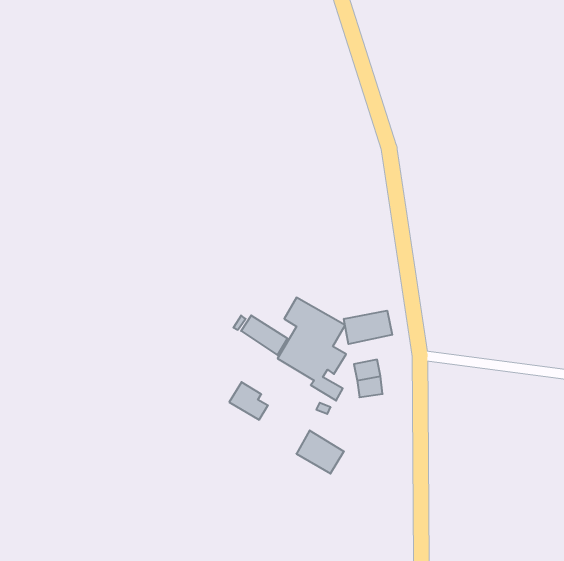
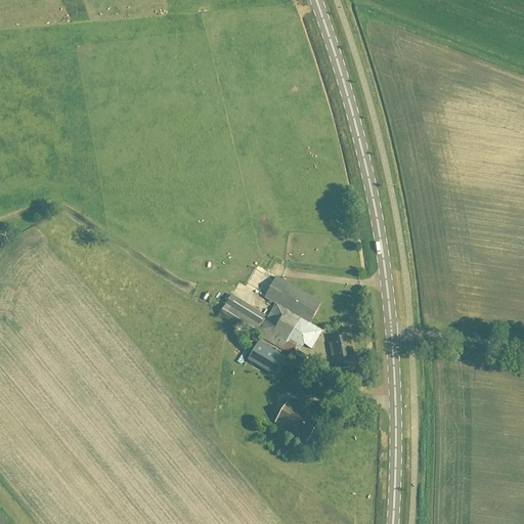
building: [344,311,392,344] -> none
building: [229,382,268,420] -> [246,339,281,374]

